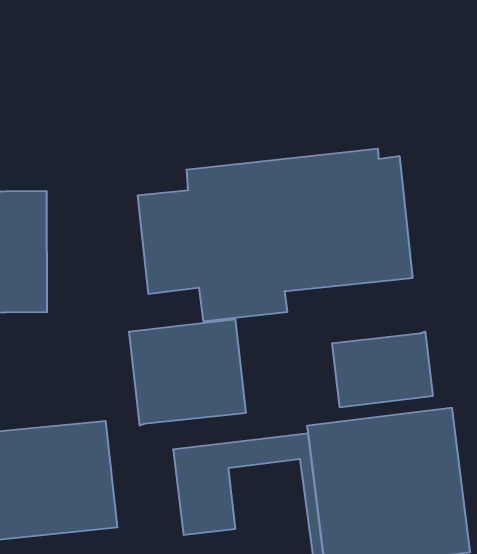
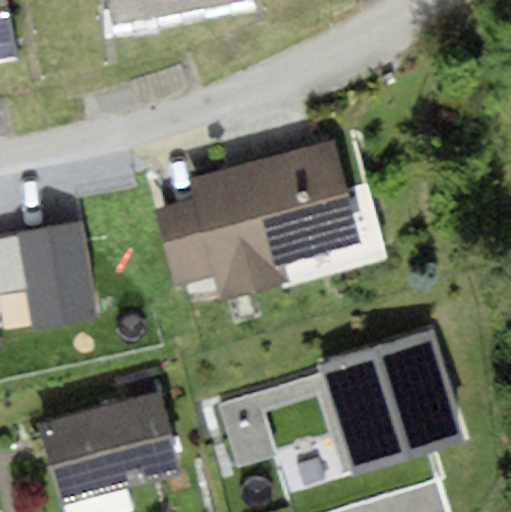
building: [129,319,246,426] -> none
building: [332,332,433,407] -> none

